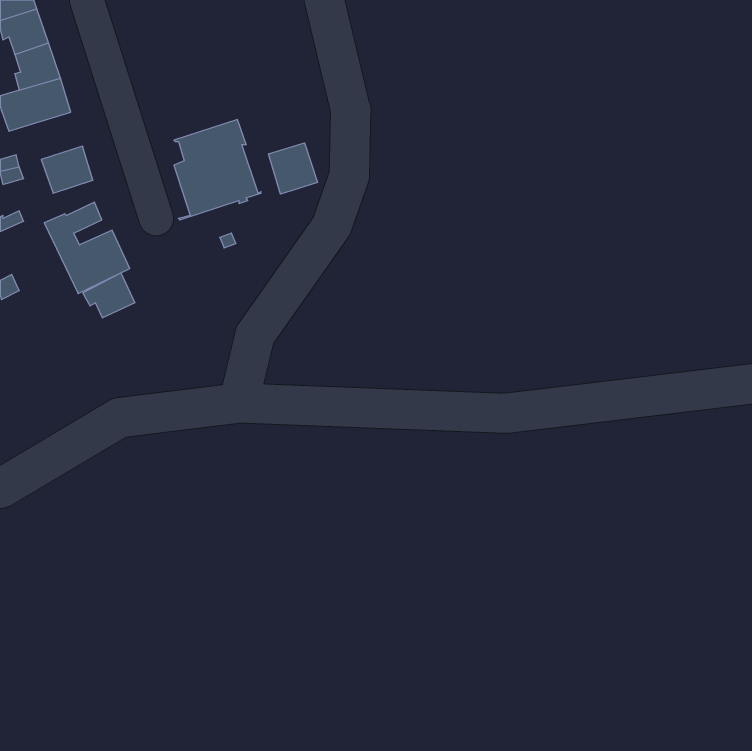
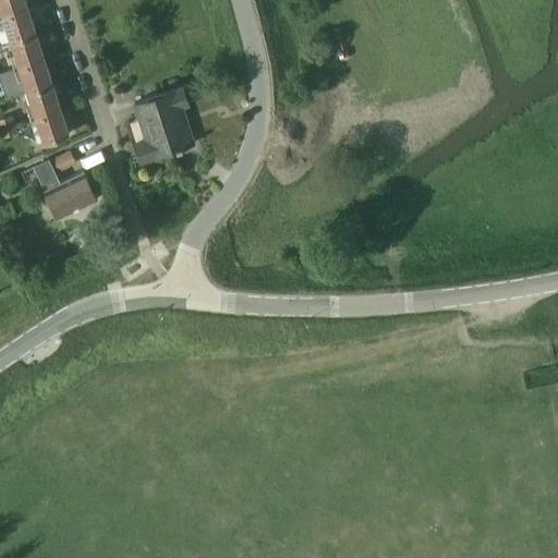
building: none -> [28,85,62,120]
building: [269,143,317,194] -> none
building: [83,273,135,318] -> none

